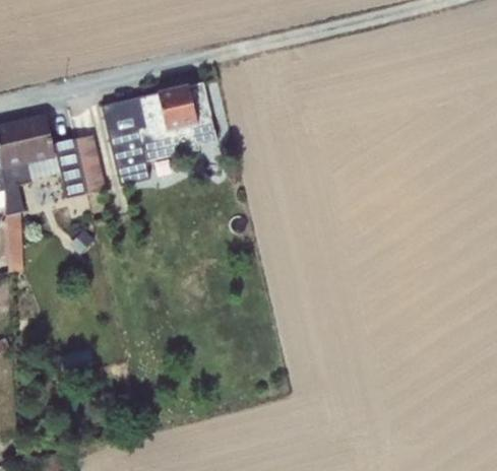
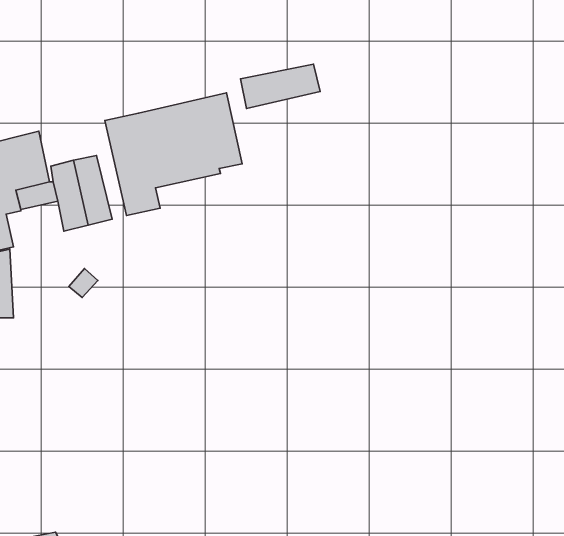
building: none -> [241,64,320,108]

